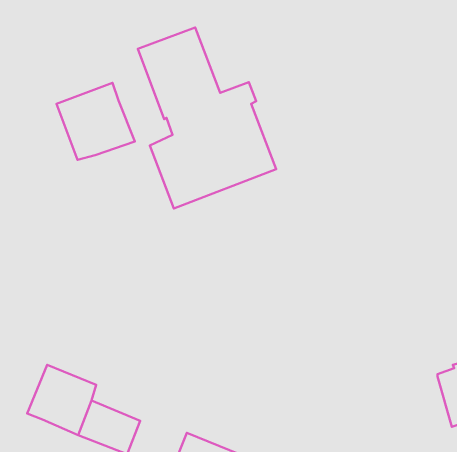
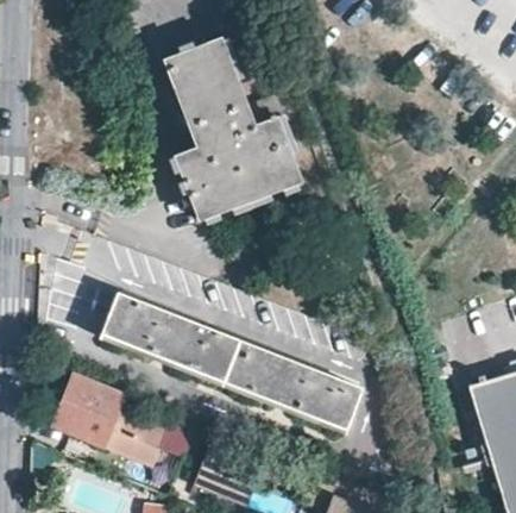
building: [56,83,135,160] -> none
building: none -> [105,293,359,425]

